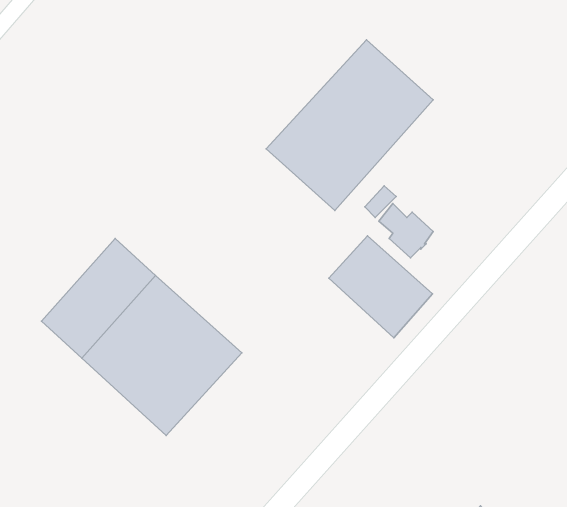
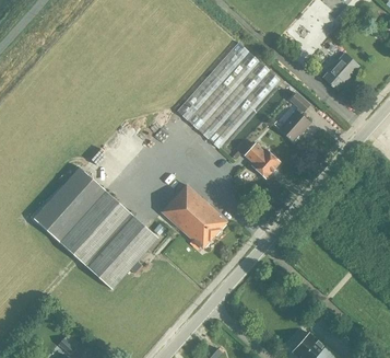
building: none -> [322,54,358,91]
building: none -> [279,93,309,141]
building: [329,236,432,338] -> [162,186,226,250]

